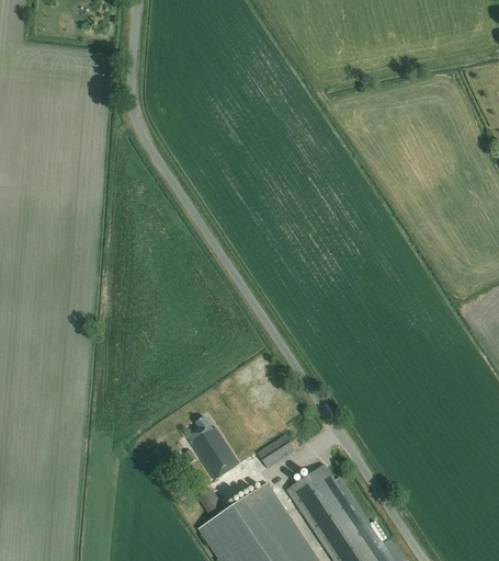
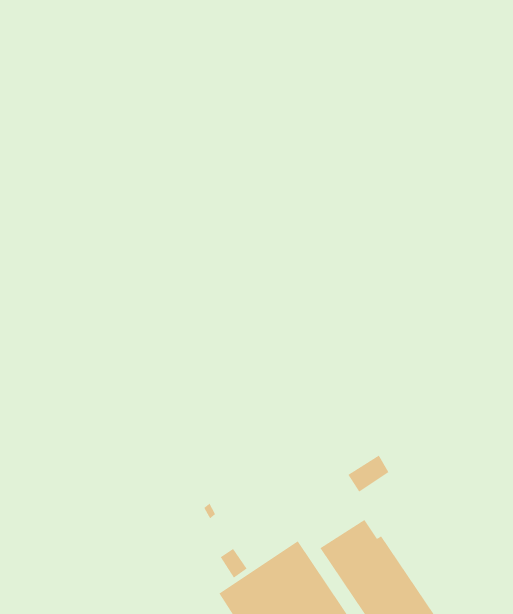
building: [186,419,238,480] -> none
building: [258,436,294,469] -> [348,455,389,492]

